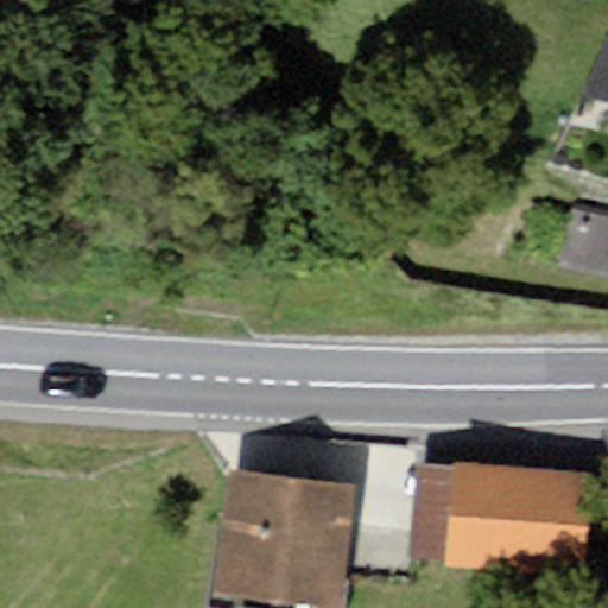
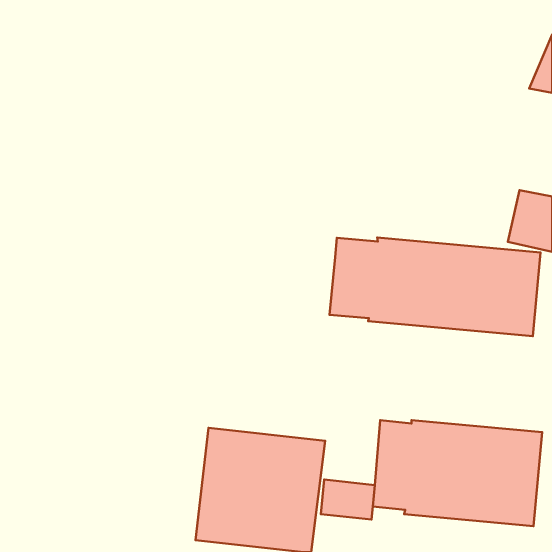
building: none -> [329,237,540,336]

